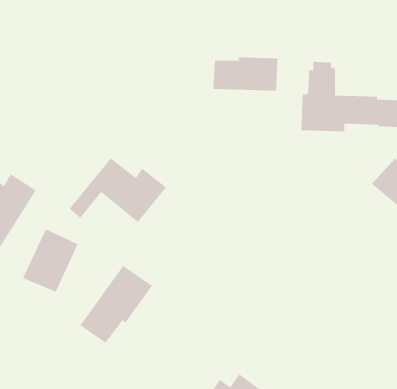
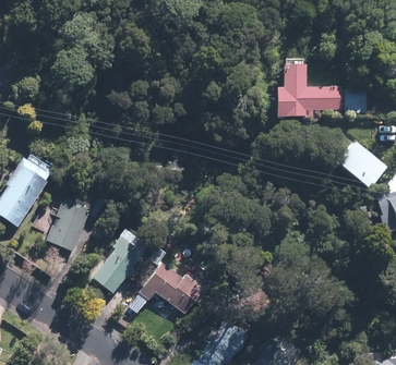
building: [213,57,278,92] -> none
building: [69,157,167,223] -> [127,261,208,316]

